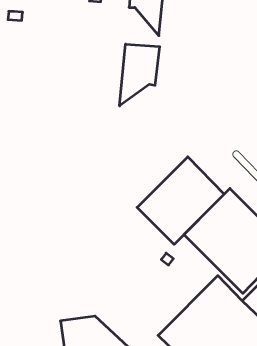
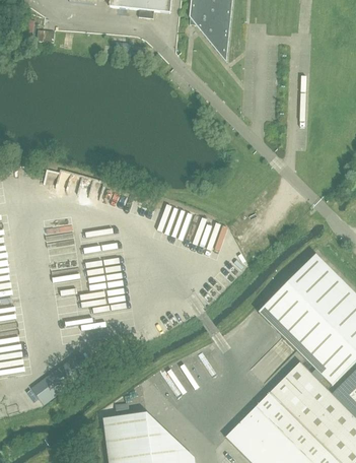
building: [120,44,160,106] -> none
building: [137,157,224,244] -> none

